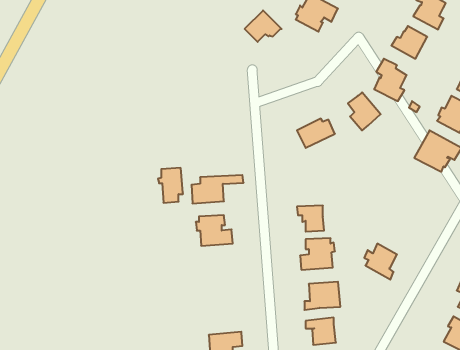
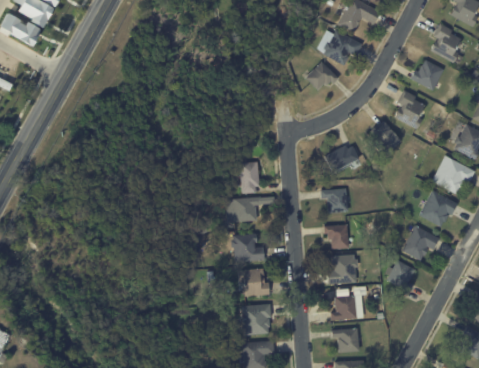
building: [245,10,282,42] -> [305,61,339,90]
building: none -> [321,188,349,213]
building: none -> [419,190,458,227]
building: [158,168,183,203] -> [237,162,260,194]
building: none -> [402,226,440,261]
building: none -> [238,269,270,297]
building: none -> [242,304,272,336]

